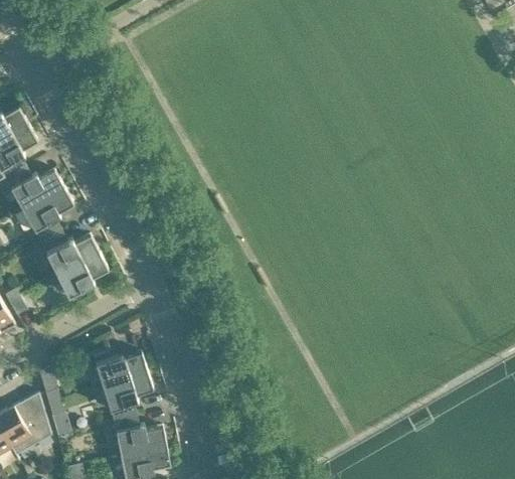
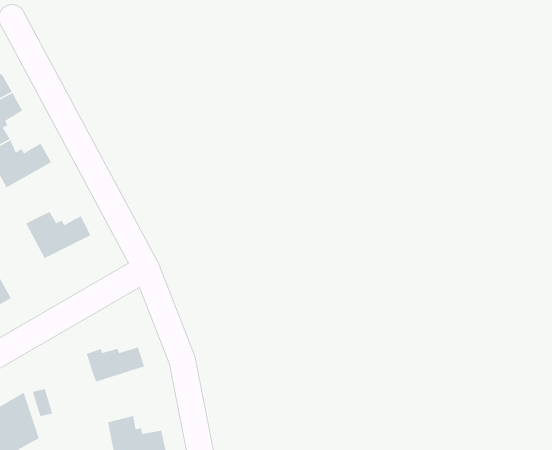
building: [22,188,73,243] -> none
building: [56,254,108,300] -> none
building: [103,371,153,421] -> none

